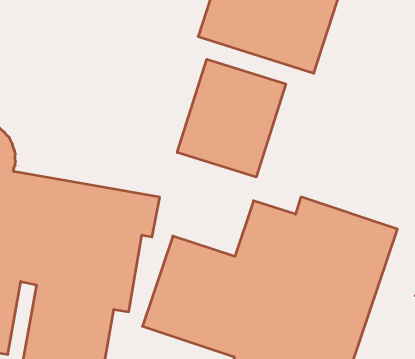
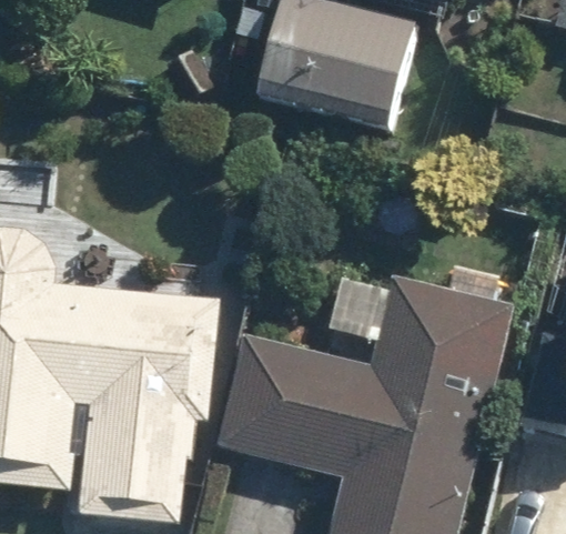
building: [177,59,286,177] -> none

